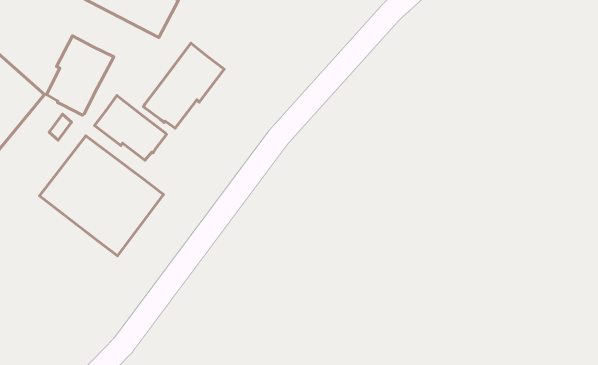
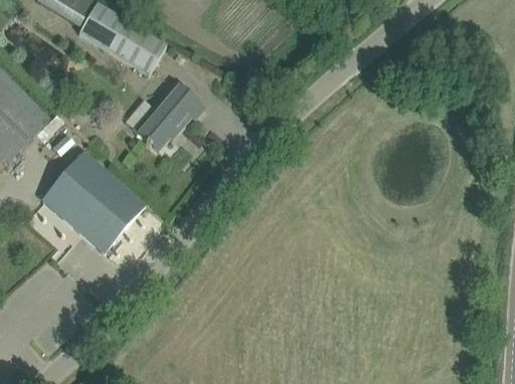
building: [46,36,114,115] -> none
building: [95,96,167,160] -> none

